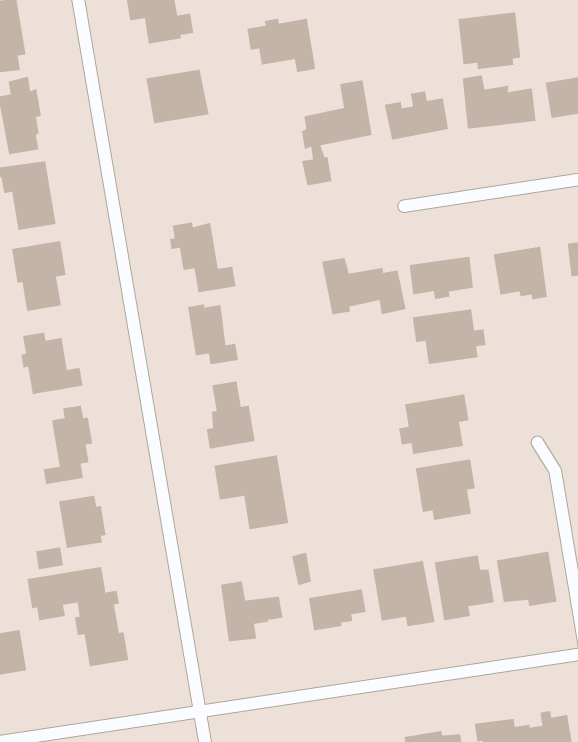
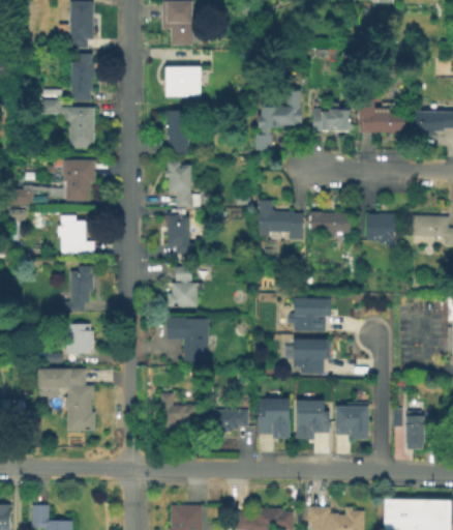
building: [457,12,521,70] -> none
building: [247,18,316,73] -> none
building: none -> [164,110,191,154]
building: [412,308,487,365] -> none

